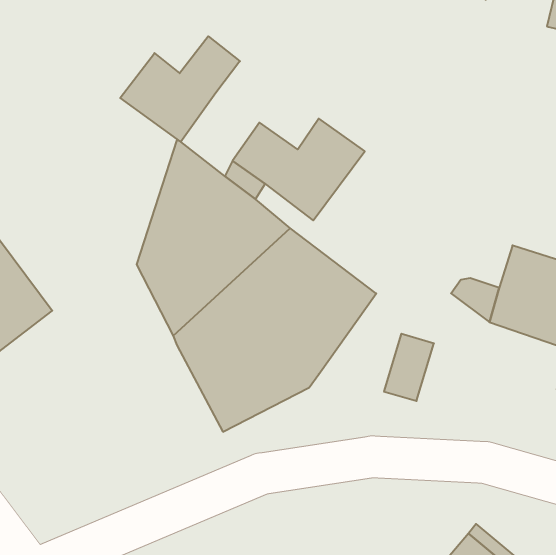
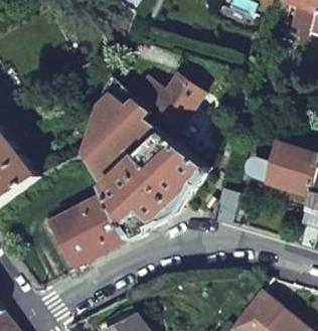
building: [120,36,240,142] -> none
building: none -> [41,194,126,271]

